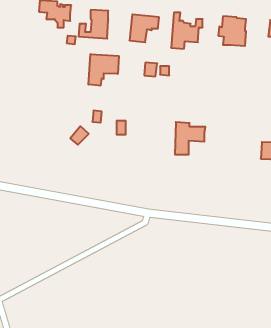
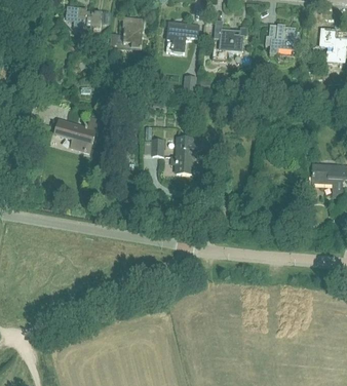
building: [88,54,119,86] -> none
building: none -> [55,116,99,151]
building: [175,122,205,155] -> [177,136,210,171]

